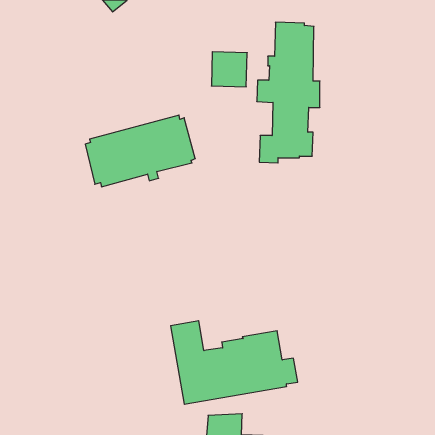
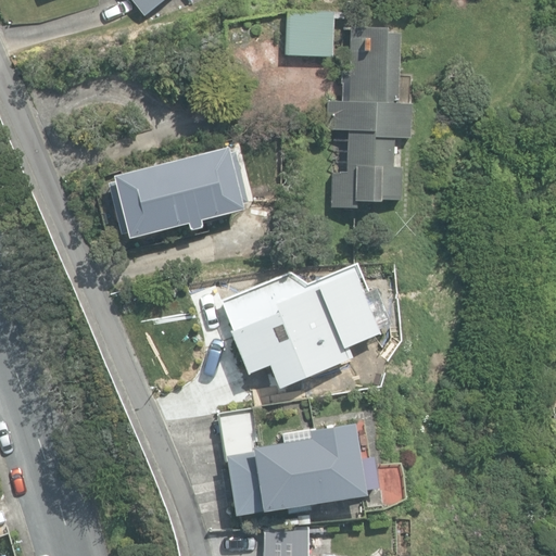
building: [211,52,247,87] -> [288,13,333,58]
building: none -> [223,270,391,390]

